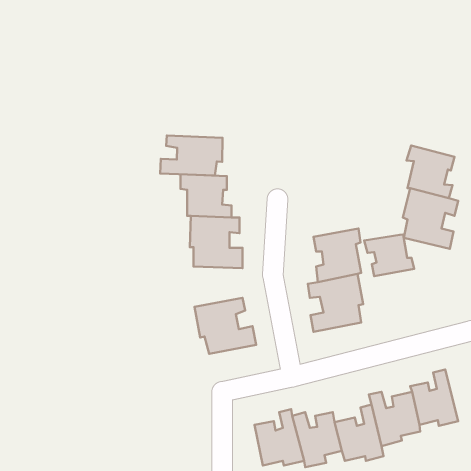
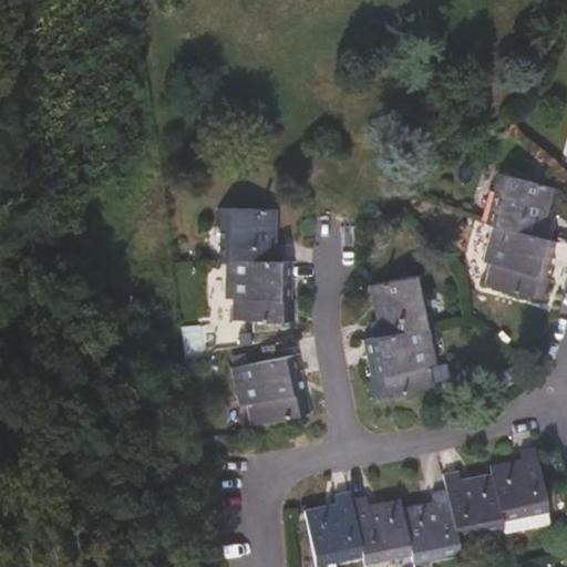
building: [160,136,223,176] -> none
building: [364,234,414,276] -> none

